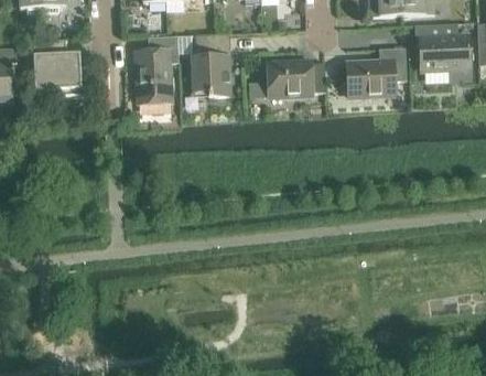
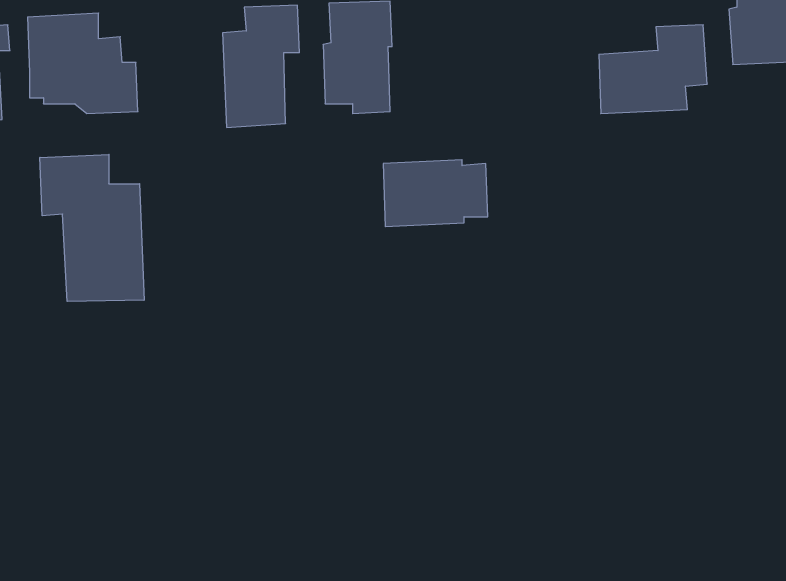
building: [267,60,325,97] -> [383,160,488,227]
building: none -> [40,154,144,301]

